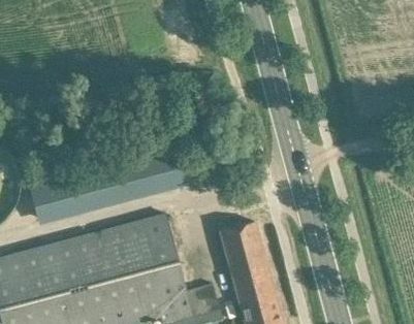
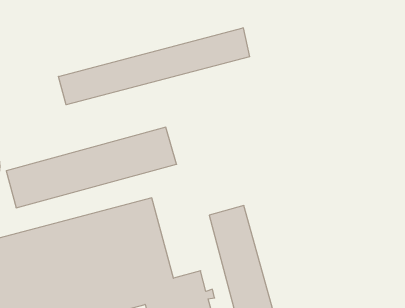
building: none -> [58,28,250,105]

